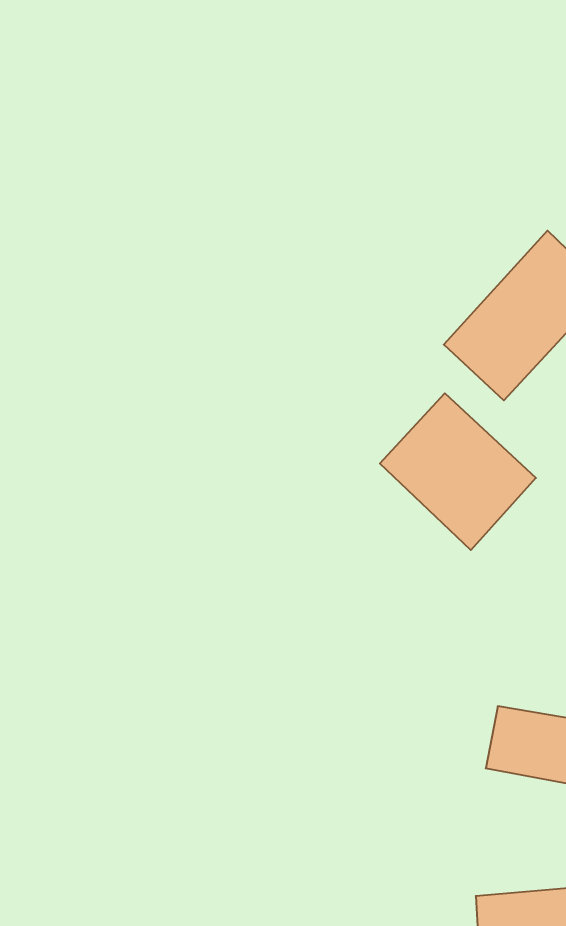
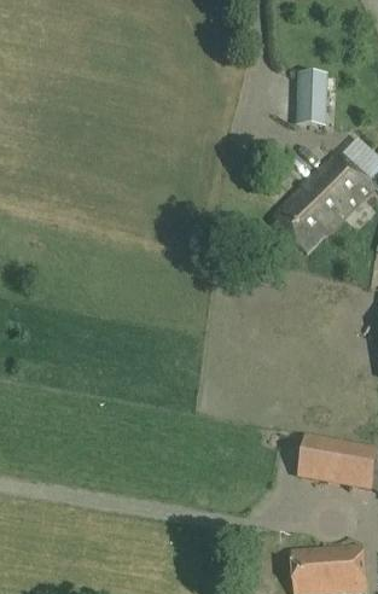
building: none -> [295,71,328,124]
building: [380,393,536,550] -> none

